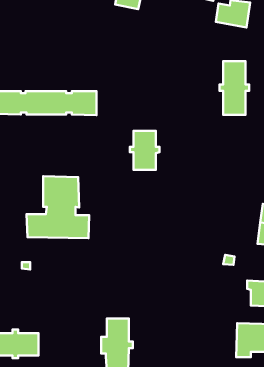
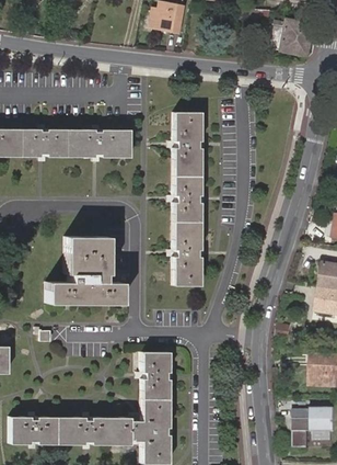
building: [220,61,249,115] -> [167,113,202,177]
building: none -> [167,223,202,285]
building: none -> [136,352,171,399]
building: none -> [59,417,133,444]

